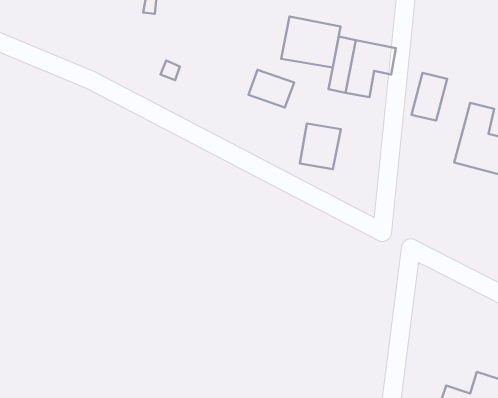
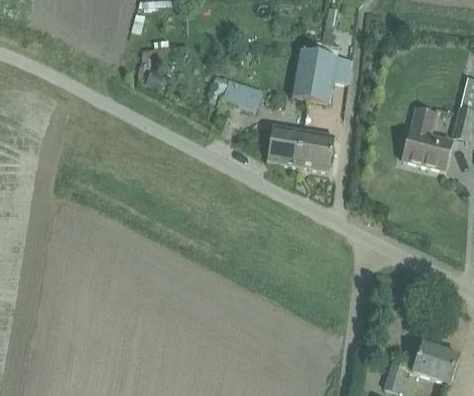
building: [281,17,341,67] -> none
building: [412,73,447,121] -> none
building: none -> [296,130,334,170]

